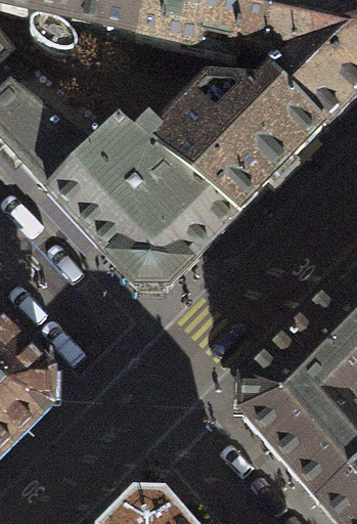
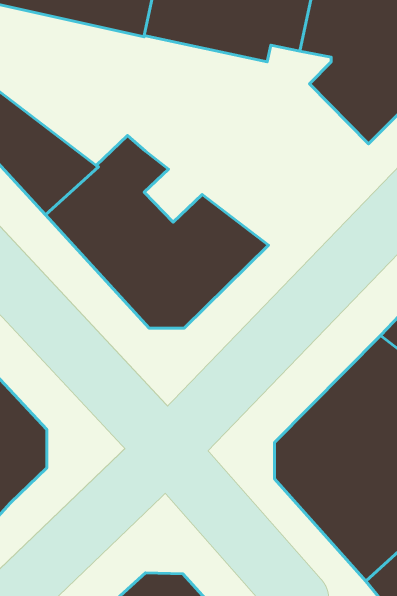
building: [135,75,324,212] -> none

